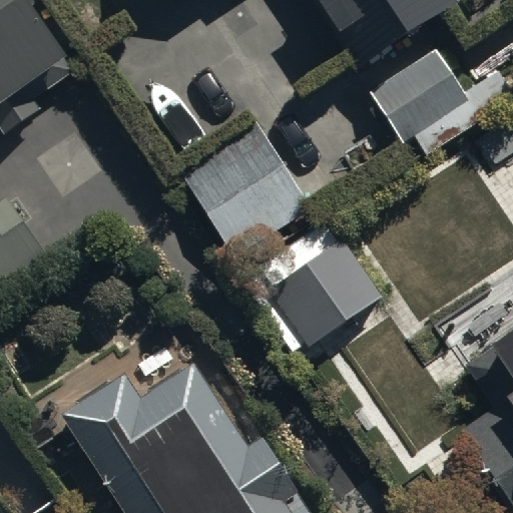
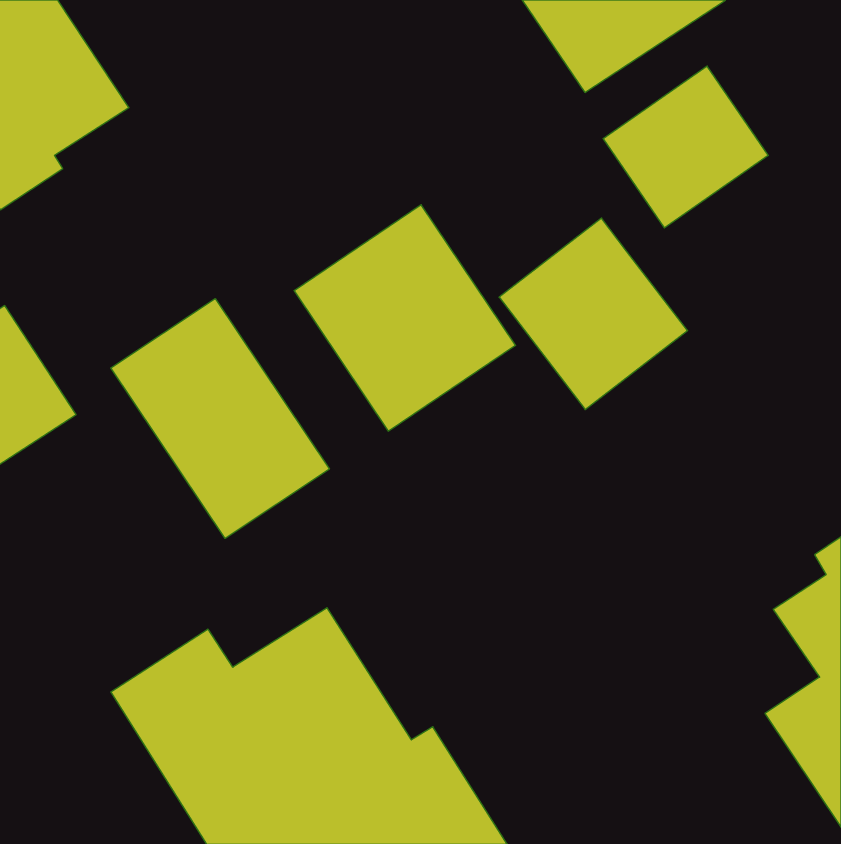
building: none -> [111,299,329,538]
building: [270,230,384,347] -> [499,218,688,410]

